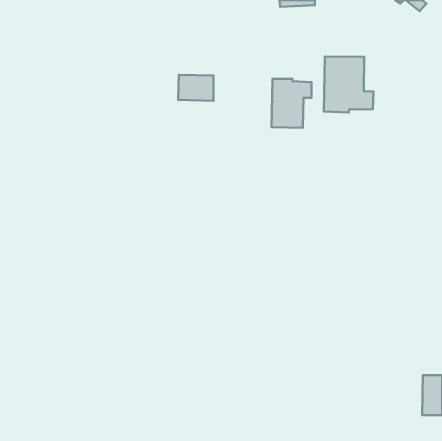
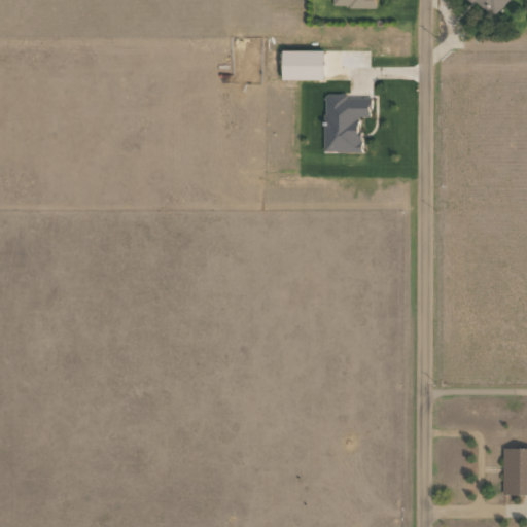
building: [324,57,374,112] -> none
building: [178,75,214,101] -> [282,49,324,80]

